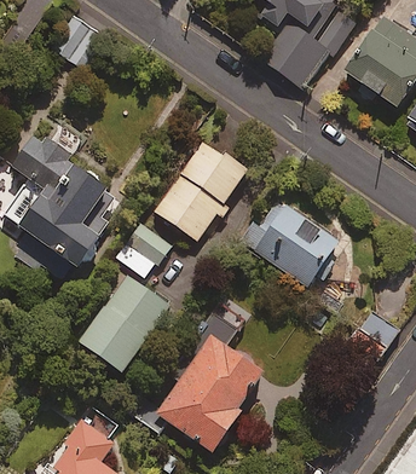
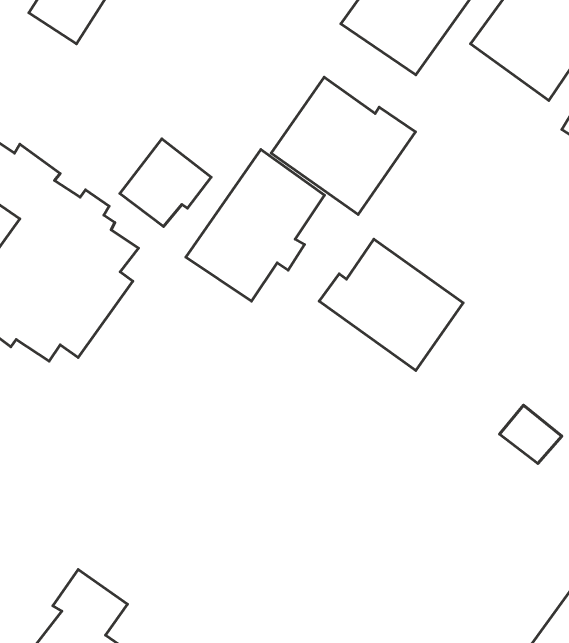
building: none -> [271,77,415,214]
building: [114,219,174,277] -> [120,139,211,226]
building: [76,274,167,372] -> none
building: [155,335,264,451] -> none

